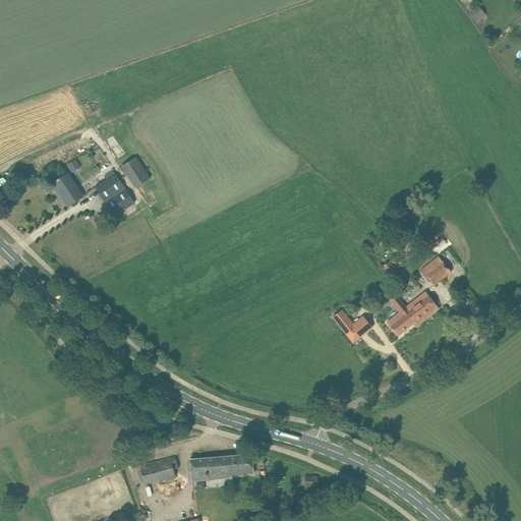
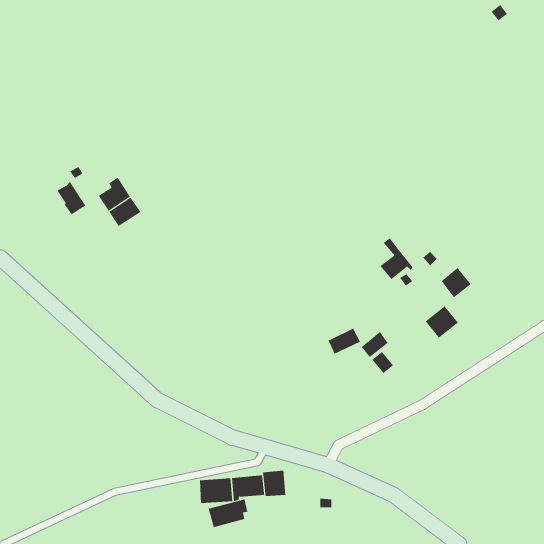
building: [121,156,150,187] -> none
building: [387,295,419,336] -> [379,237,414,280]
building: none -> [263,470,286,497]
building: [139,456,178,483] -> [208,499,248,528]

